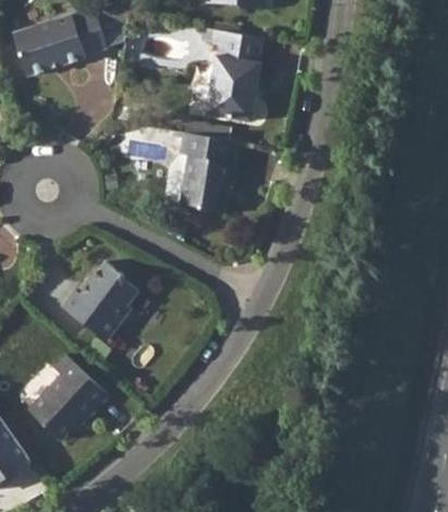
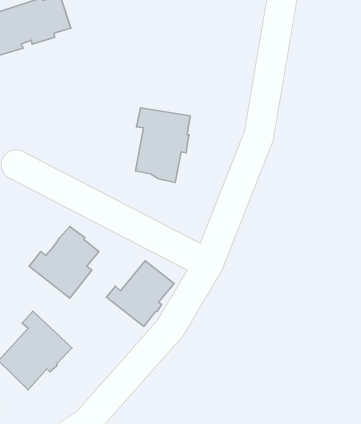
building: [206,32,262,123] -> none
building: none -> [106,261,174,326]

